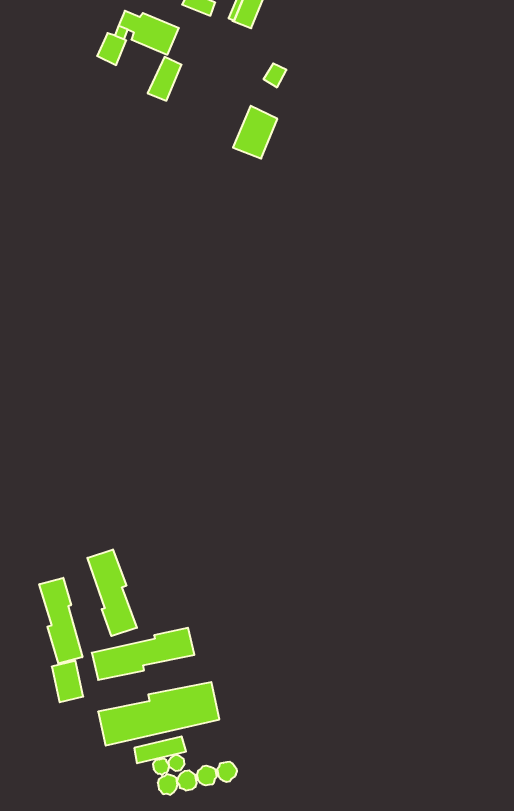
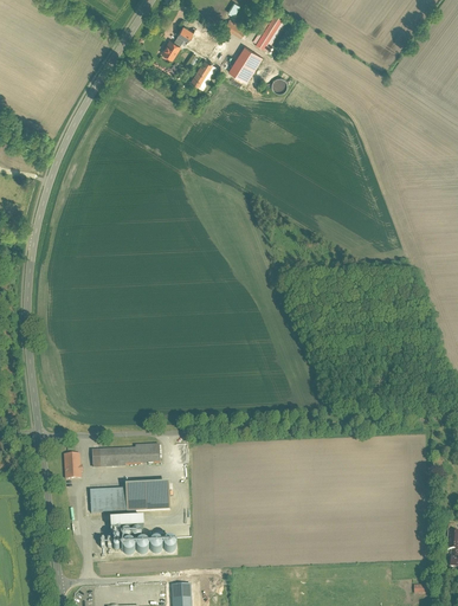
building: [233,106,277,159] -> [230,43,263,79]
building: [87,549,137,636] -> none
building: [39,578,82,664] -> none

